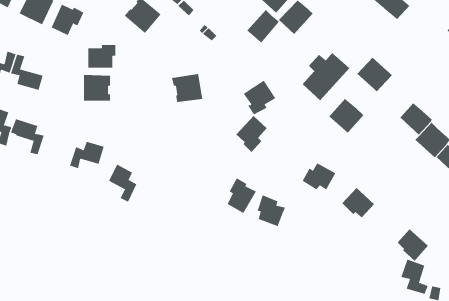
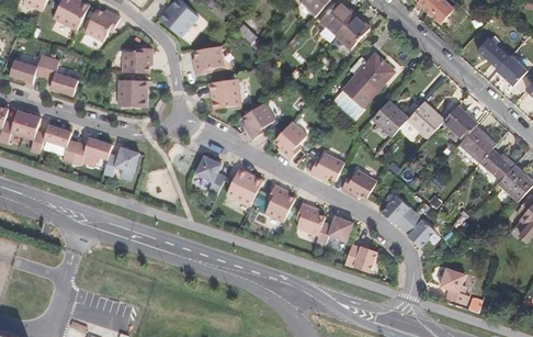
building: [247,9,280,43] -> [333,15,367,50]
building: none -> [193,45,223,74]
building: [356,57,393,92] -> [405,102,442,138]
building: [243,80,276,115] -> [241,100,275,136]
building: none -> [71,135,112,164]
building: none -> [309,150,344,178]
building: none -> [226,167,262,204]
building: [108,164,137,202] -> [195,154,225,193]
building: none -> [316,214,352,243]
building: [397,229,429,262] -> [402,211,435,245]
building: none -> [344,243,376,271]

